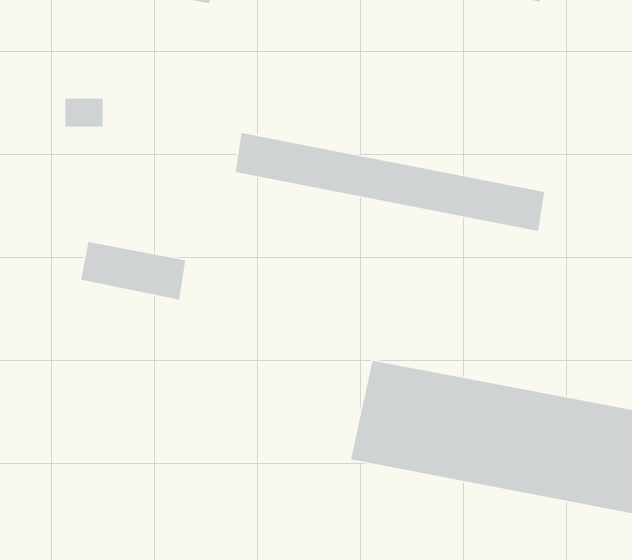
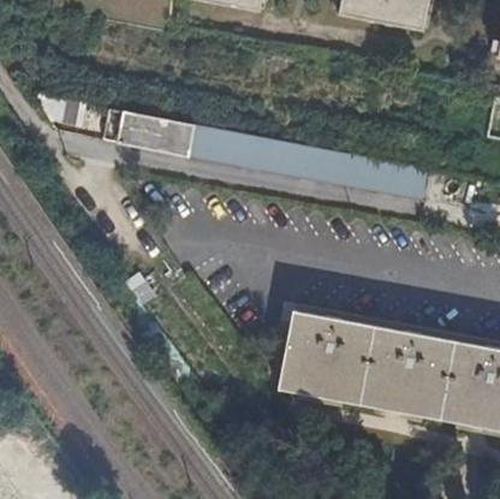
building: [80,241,186,300] -> [111,112,192,158]

